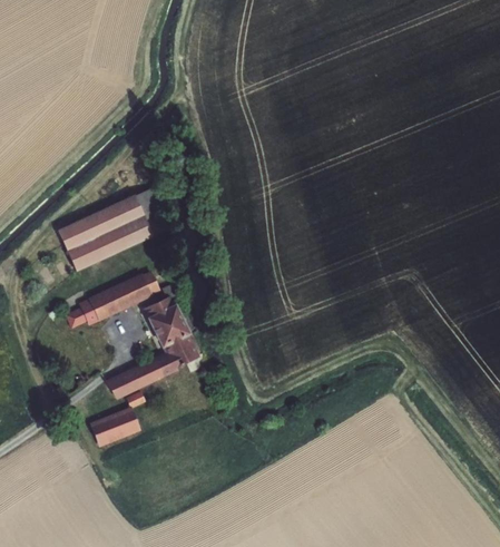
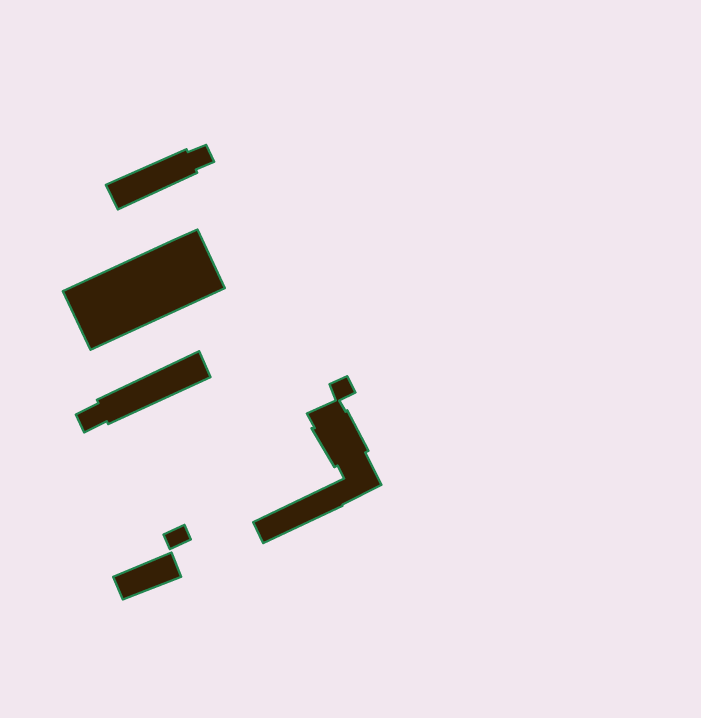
building: none -> [106,145,214,210]
building: [109,282,197,397] -> [253,376,381,543]

